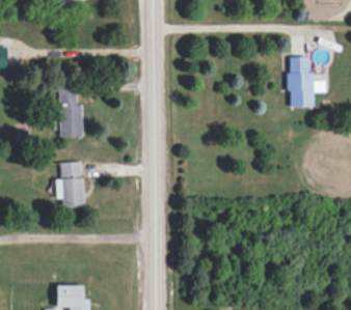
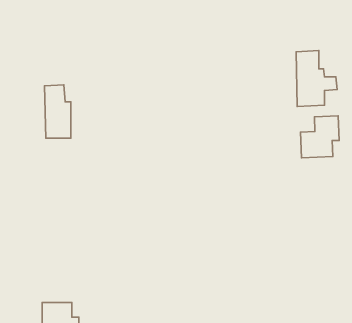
building: none -> [301,116,339,158]
building: [56,162,84,208] -> none

